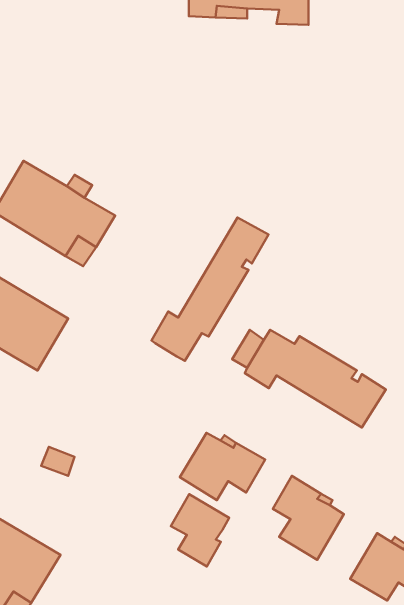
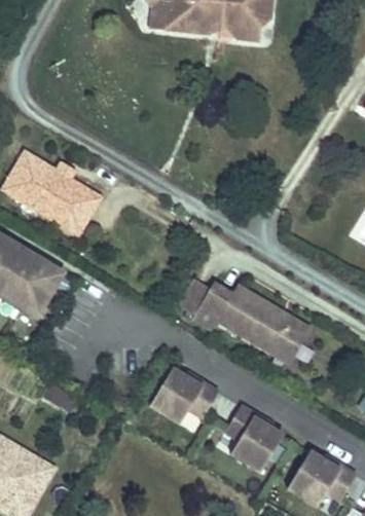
building: [152,218,268,361] -> none
building: [171,494,229,567] -> none

